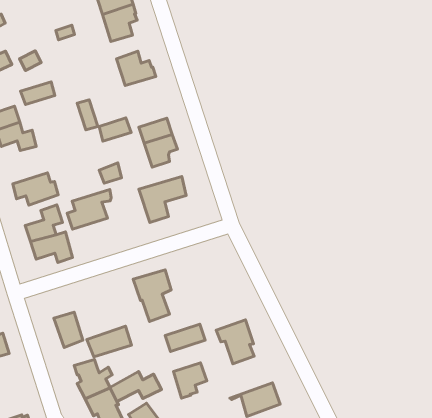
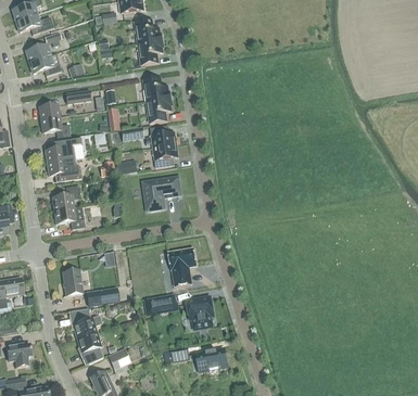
building: none -> [145,98,172,124]
building: [67,190,111,229] -> [45,137,80,163]
building: [133,270,171,322] -> [167,248,195,286]
building: [174,363,207,398] -> none
building: [110,372,161,402] -> none

